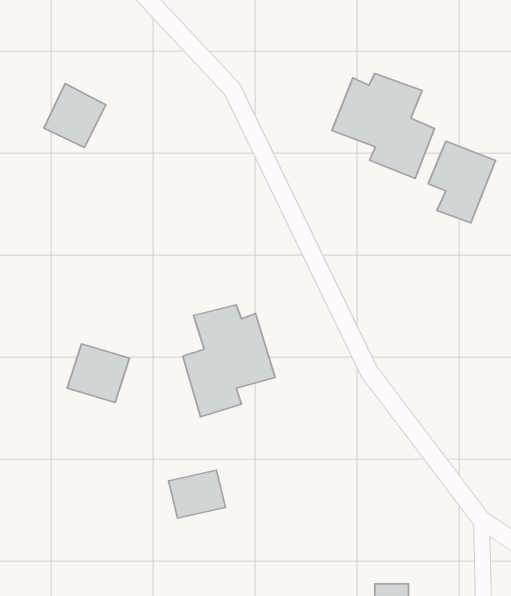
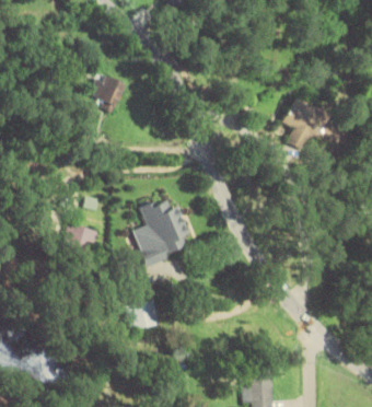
building: [332,74,435,178] -> none
building: [44,84,106,148] -> [91,72,129,112]

